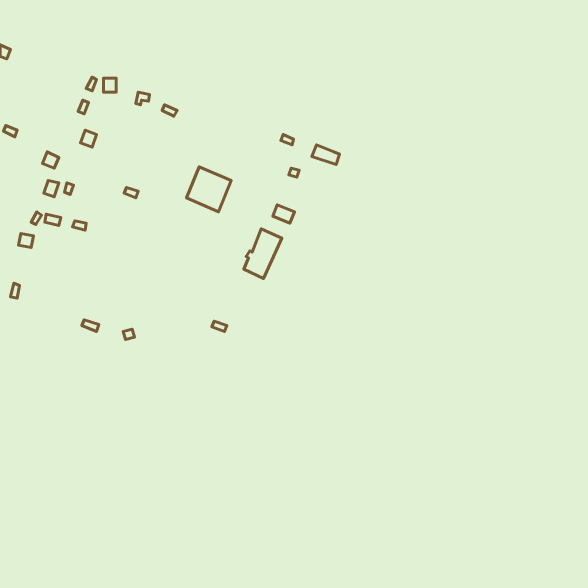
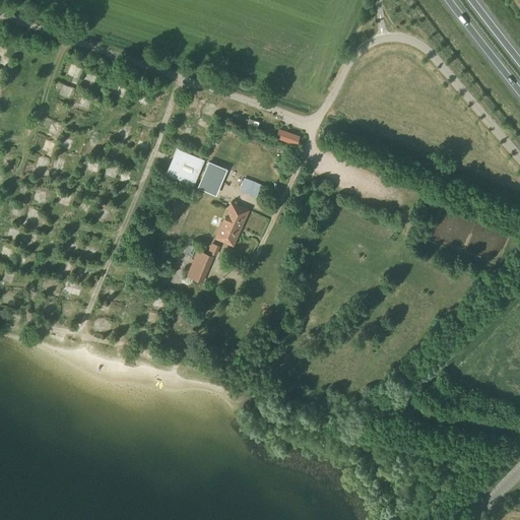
building: none -> [198,162,224,195]
building: none -> [186,243,219,283]

